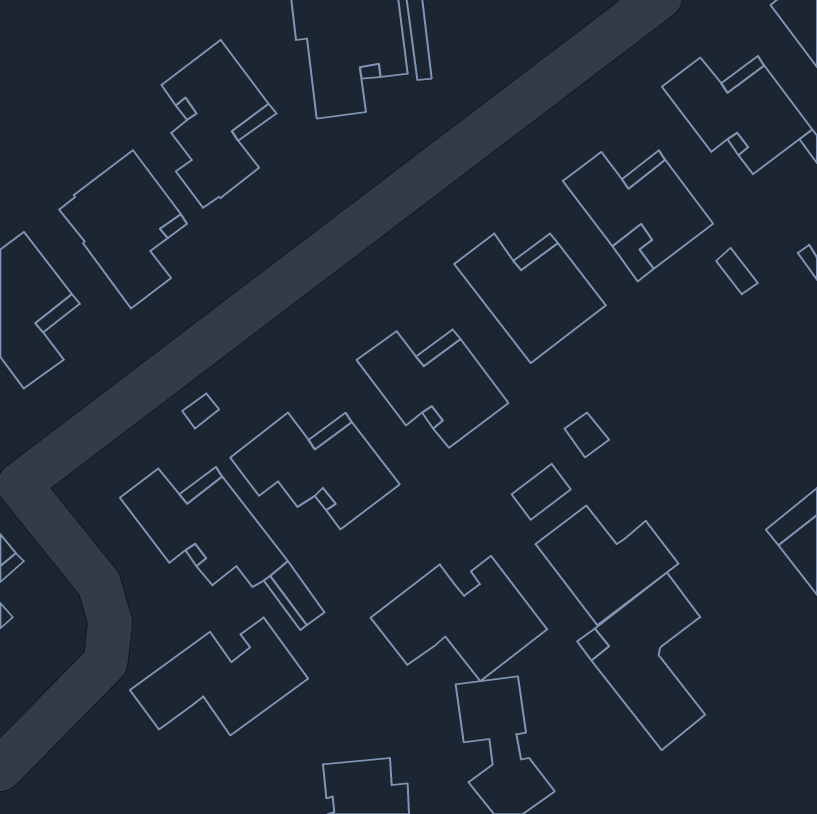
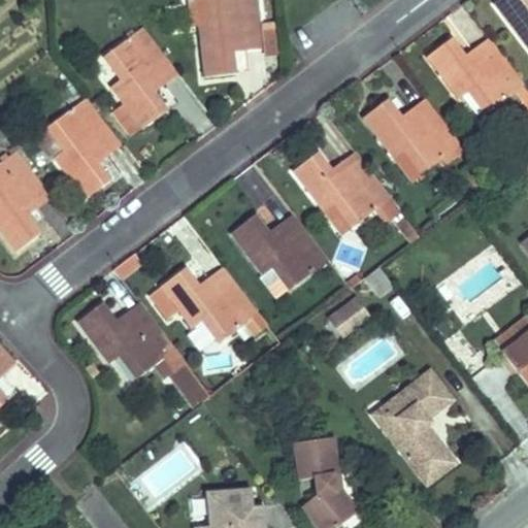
building: [535,506,679,625] -> none
building: [371,556,547,681] -> none
building: [130,617,308,735] -> none

